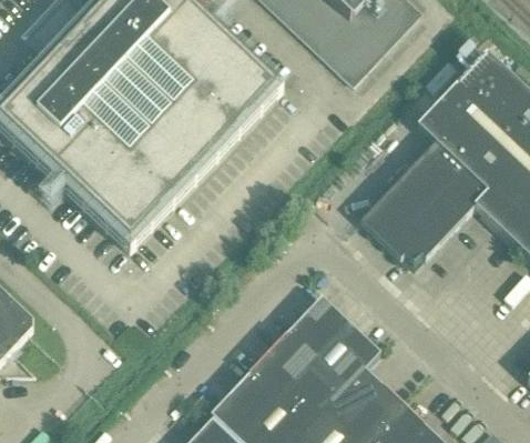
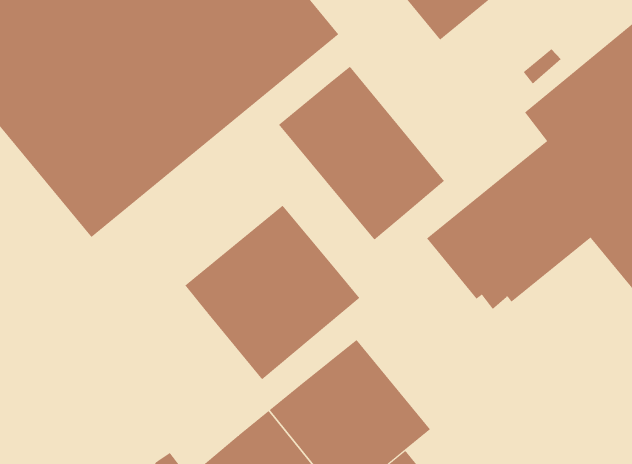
building: none -> [278,66,445,240]
building: none -> [184,205,360,380]

